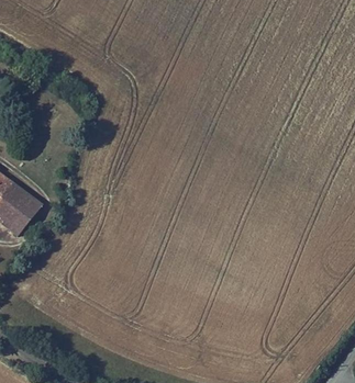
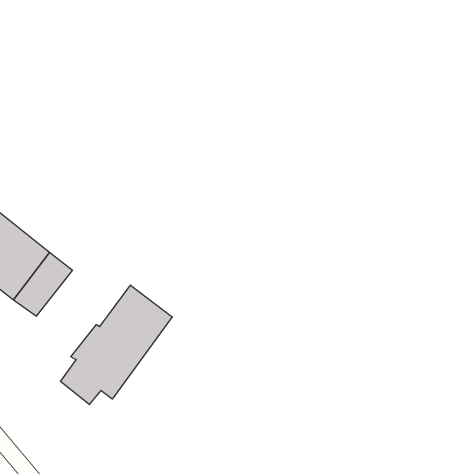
building: none -> [60,285,172,405]

